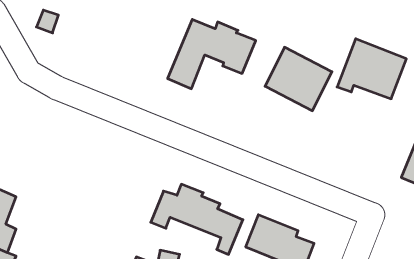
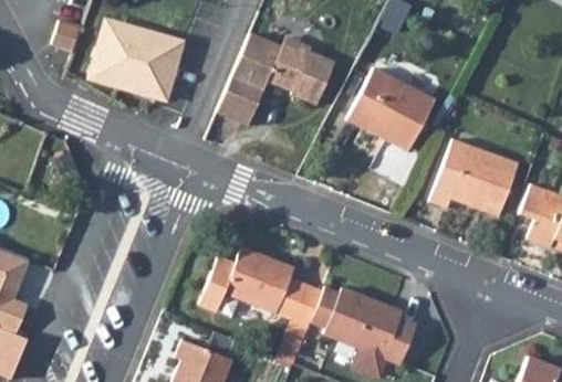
building: none -> [82,18,178,106]
building: [337,39,406,99] -> [433,137,523,215]

